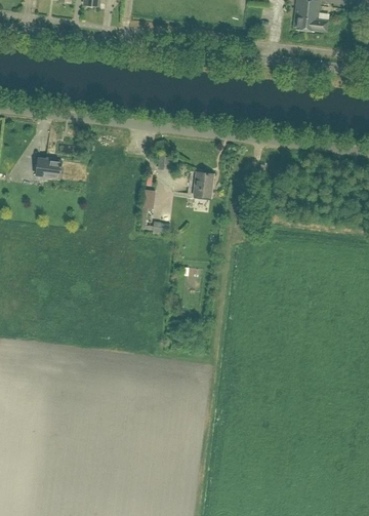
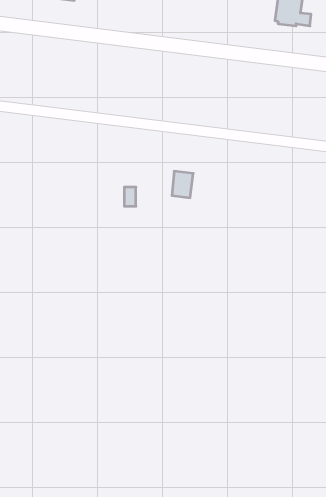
building: [34,157,60,178] -> none

